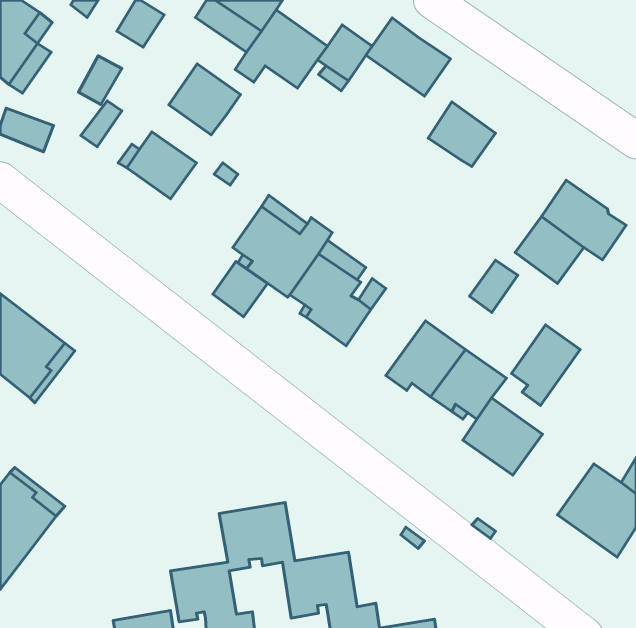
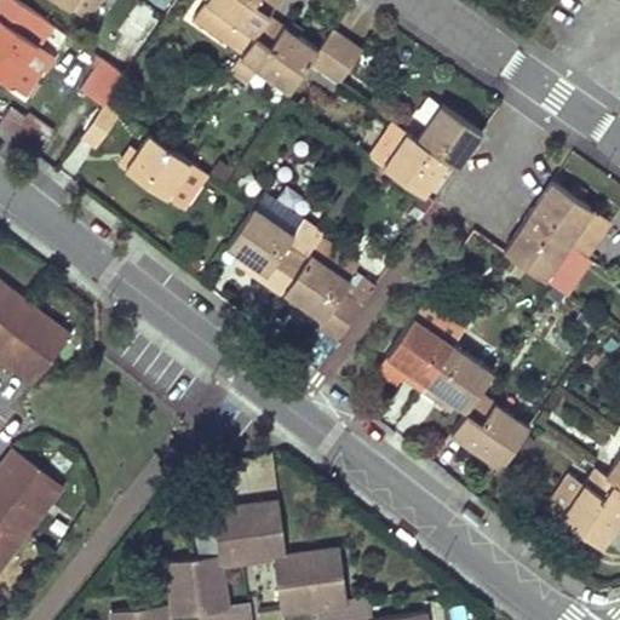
building: [366,18,451,96] -> [367,124,449,200]
building: [169,64,241,135] -> none
building: [469,260,518,312] -> [542,248,590,299]
building: [213,261,268,317] -> none
building: [511,325,580,406] -> none

